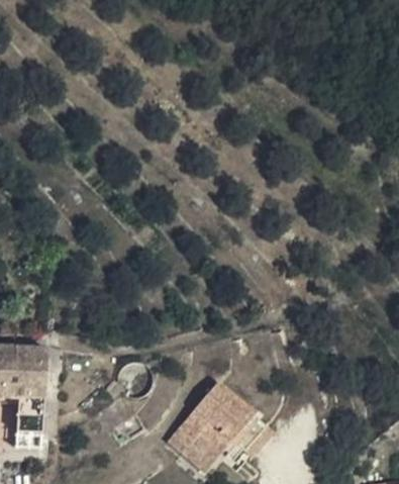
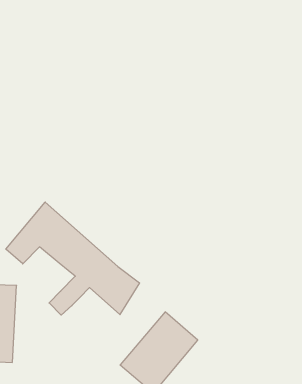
building: none -> [6,202,140,315]

